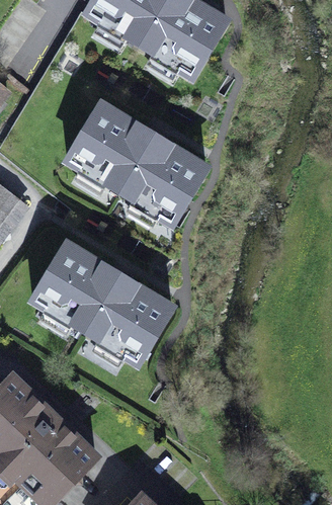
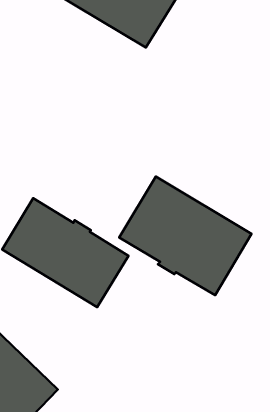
building: [67,102,208,223] -> none
building: none -> [119,176,252,295]

